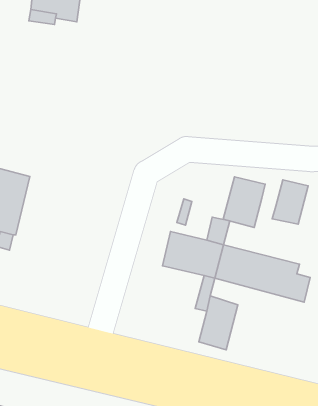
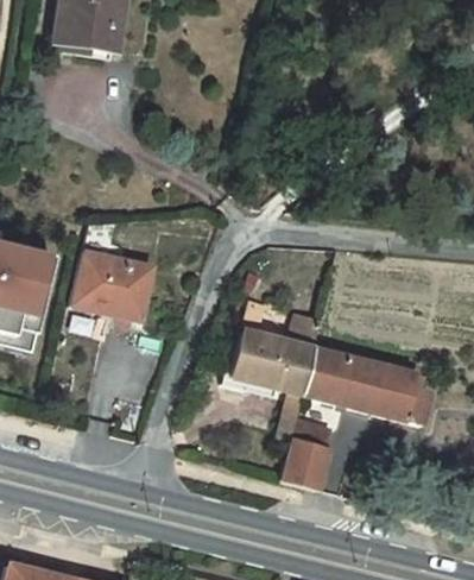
building: none -> [71,251,154,321]
building: [223,177,265,227] -> none
building: [272,180,308,224] -> none

